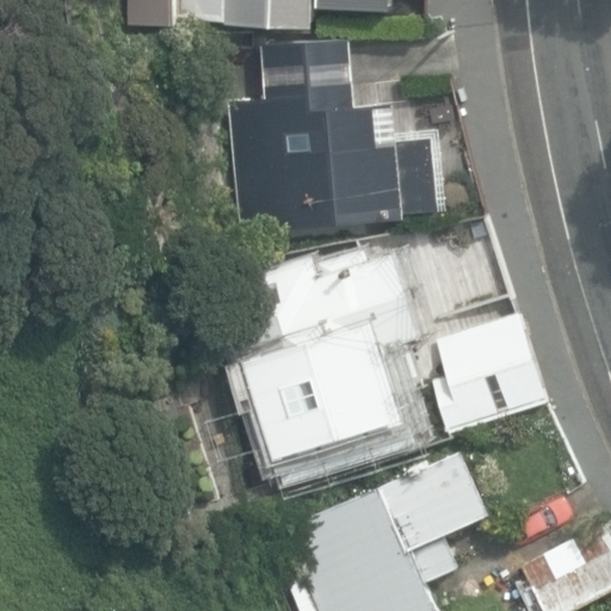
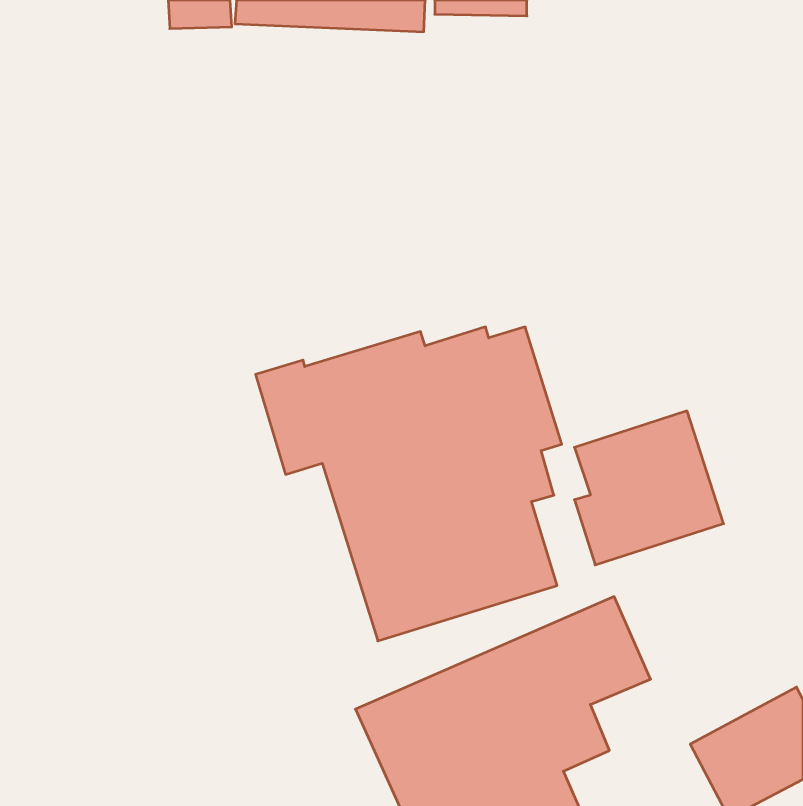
building: [227,39,448,233] -> none

